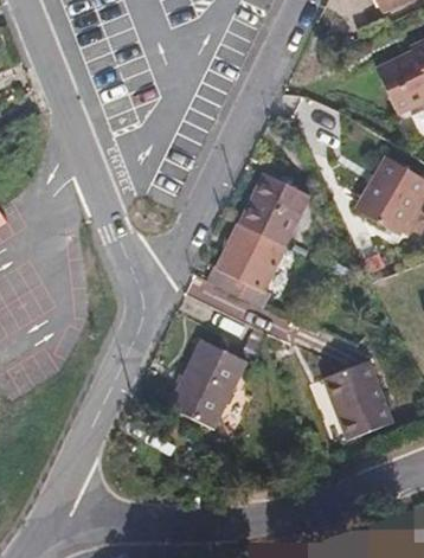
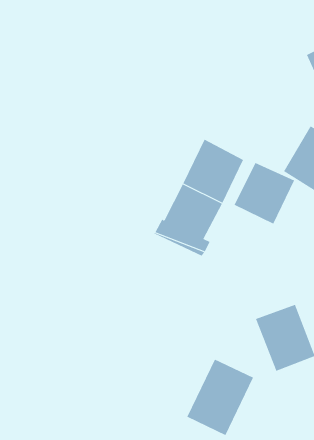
building: none -> [234,162,295,224]
building: [168,339,245,426] -> [186,359,254,436]

